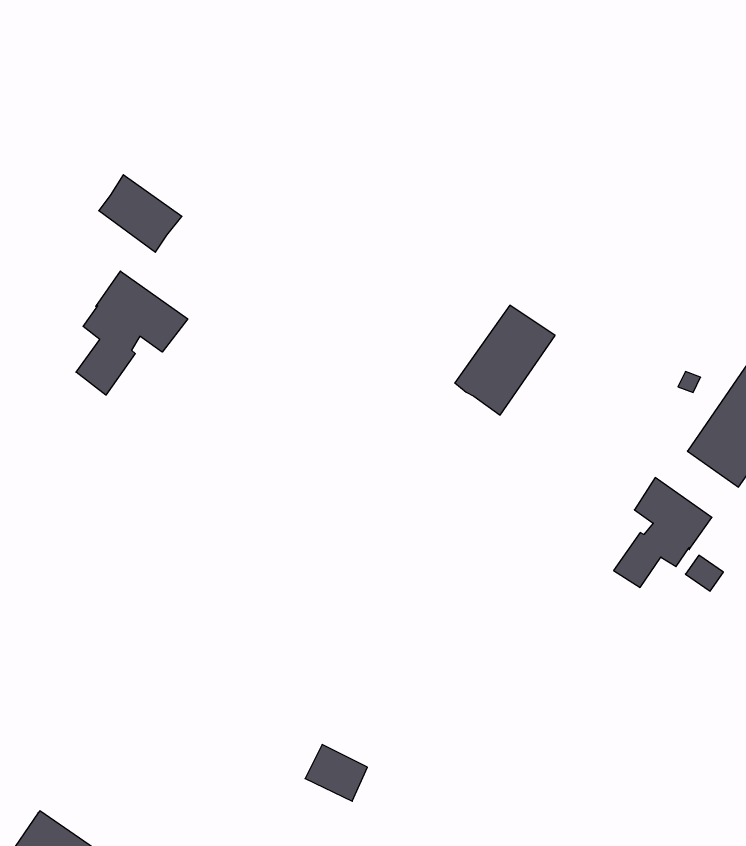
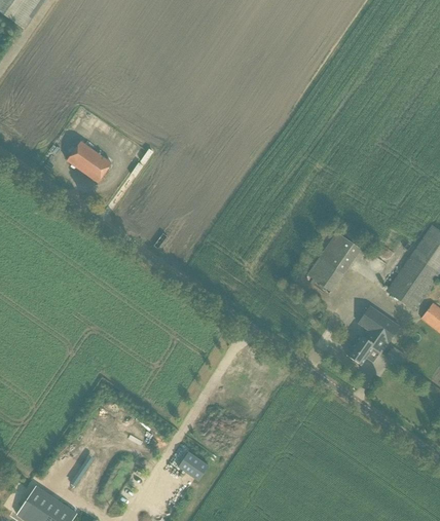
building: [76,271,188,395] -> none
building: [455,305,555,415] -> [306,232,361,292]

